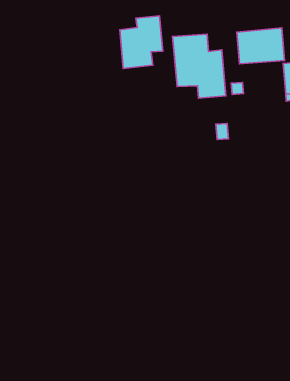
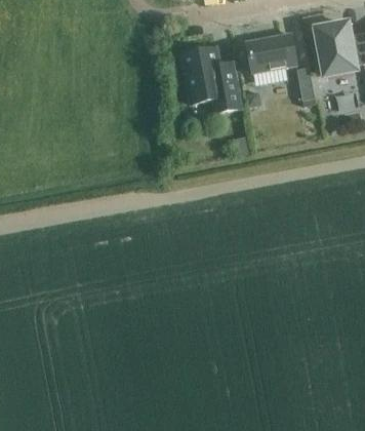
building: [120,16,163,68] -> none

